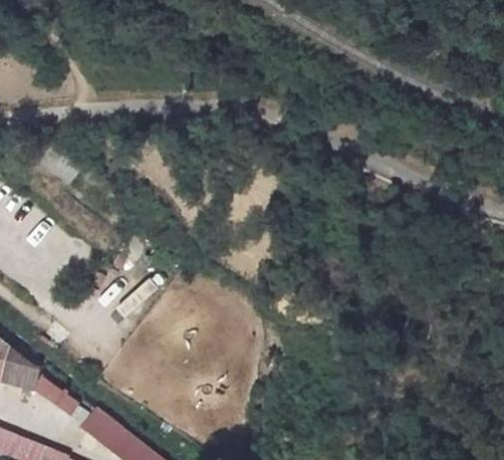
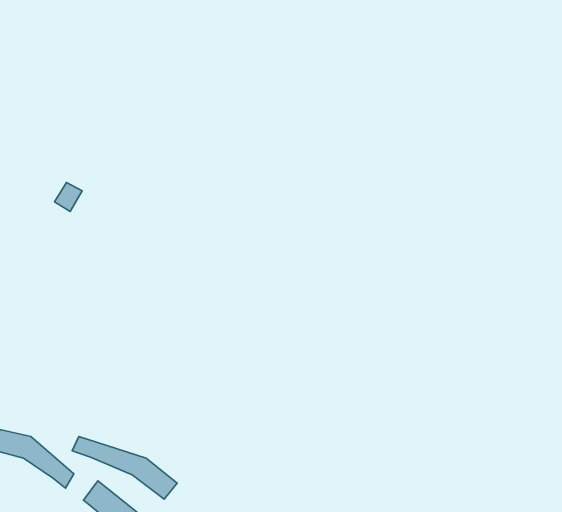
building: none -> [72,437,177,499]

